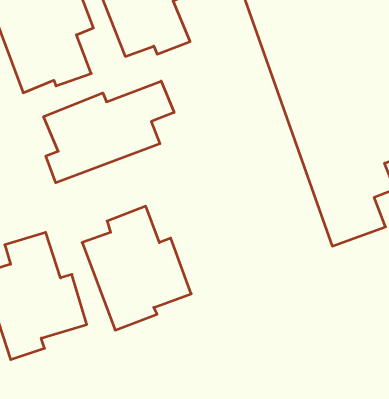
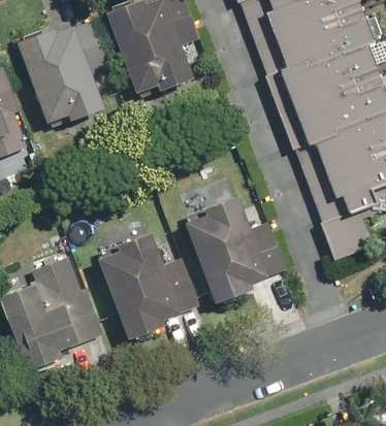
building: [44,81,174,183] -> none
building: none -> [188,194,284,304]

